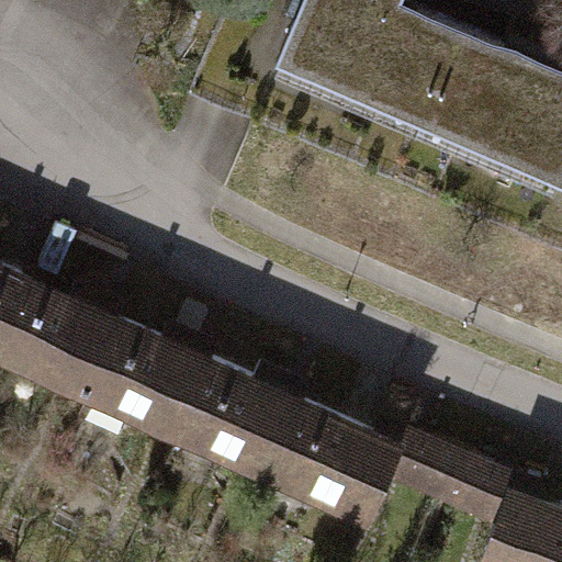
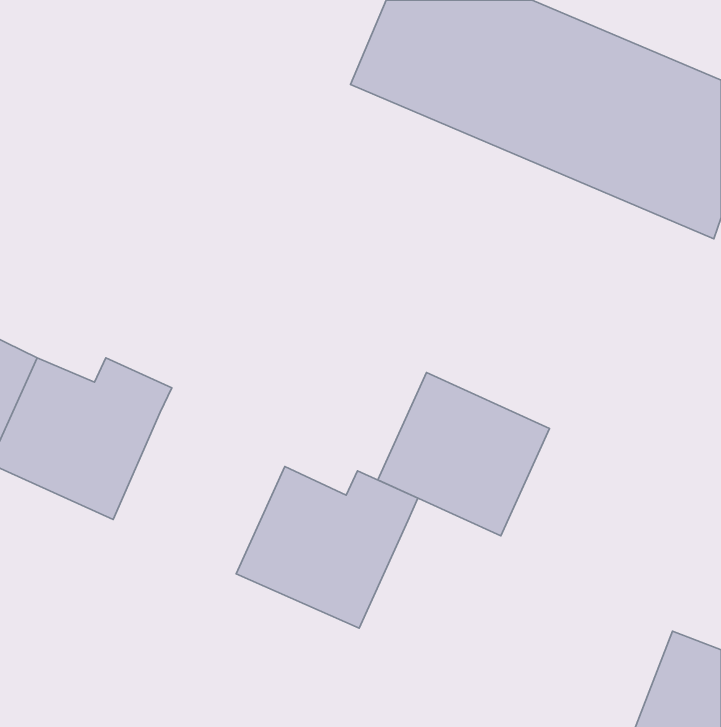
building: [87,319,226,443] -> none
building: [276,403,407,528] -> [378,373,550,536]
building: [401,432,517,522] -> none

